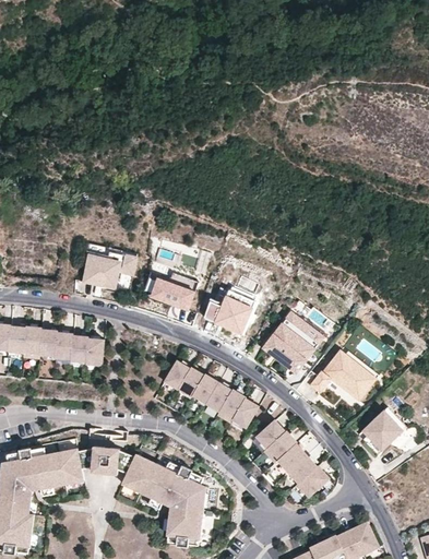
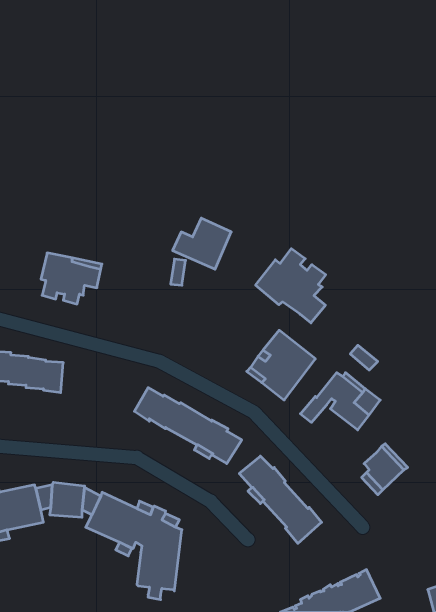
building: none -> [256,249,326,323]
building: [151,278,193,310] -> none
building: [203,289,254,334] -> [173,218,231,269]

